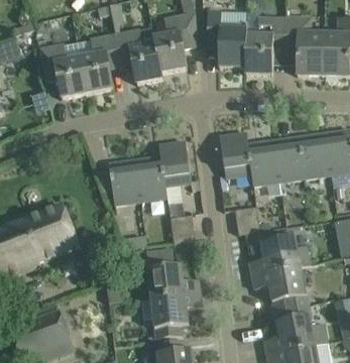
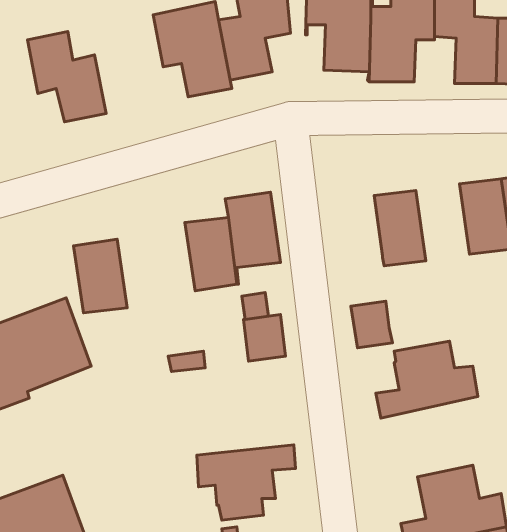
building: [80,33,121,93] -> none
building: [220,131,254,186] -> none
building: [273,135,306,181] -> none
building: [108,158,140,203] -> [74,239,127,313]
building: [144,248,200,297] -> none
building: [252,267,308,312] -> none

